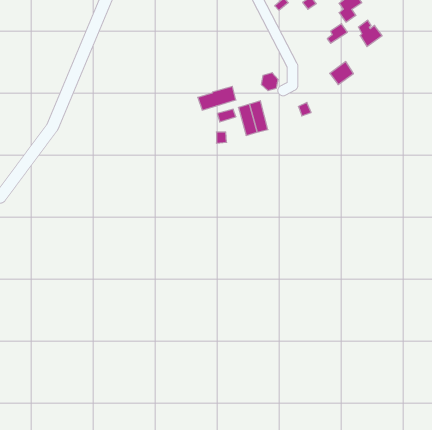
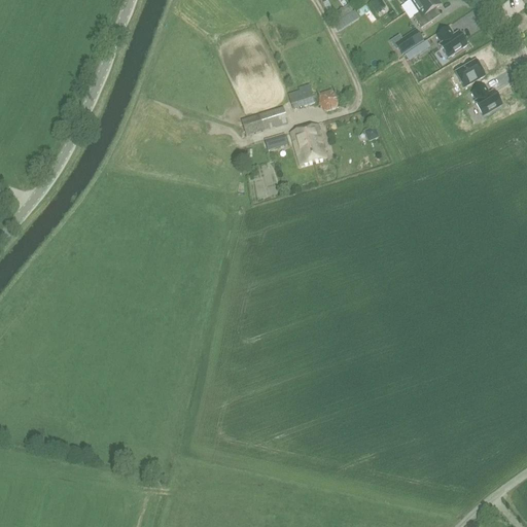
building: [330,62,353,85] -> [457,60,486,87]
building: none -> [288,85,315,107]
building: none -> [477,85,506,116]

